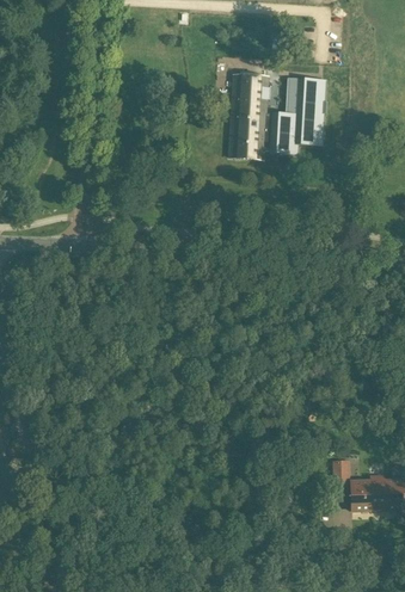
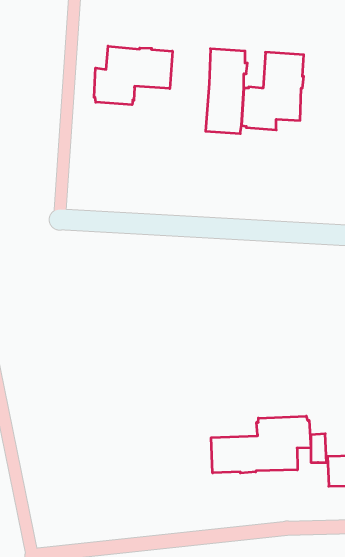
building: none -> [94,46,172,105]
building: none -> [211,416,311,473]

